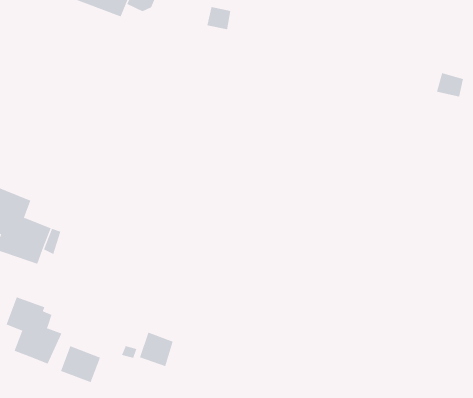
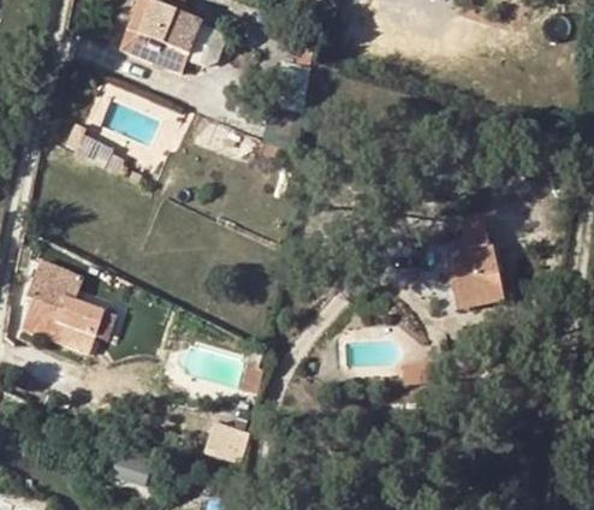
building: none -> [447,247,500,304]
building: [6,297,62,365] -> none

